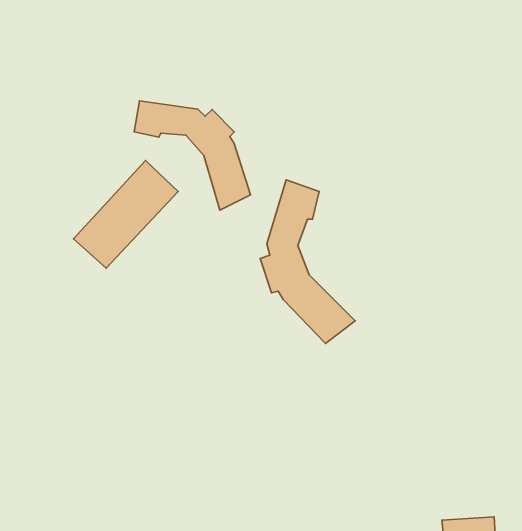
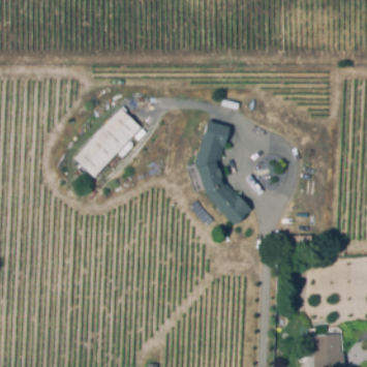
building: [134,101,250,210] -> none

